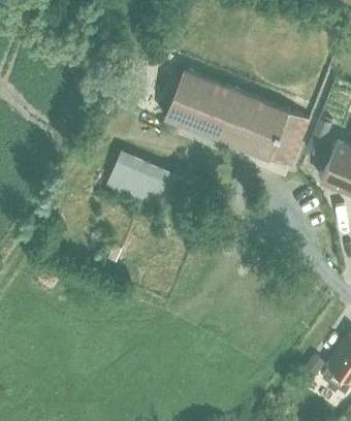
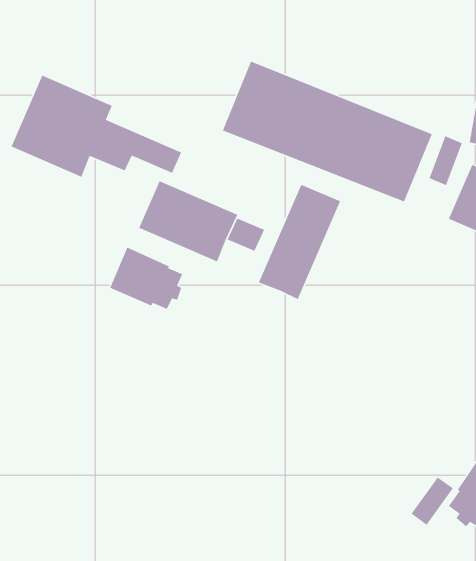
building: none -> [11,75,182,178]
building: none -> [258,184,341,300]
building: none -> [109,246,183,310]

